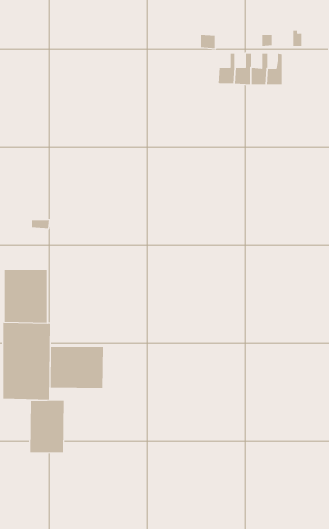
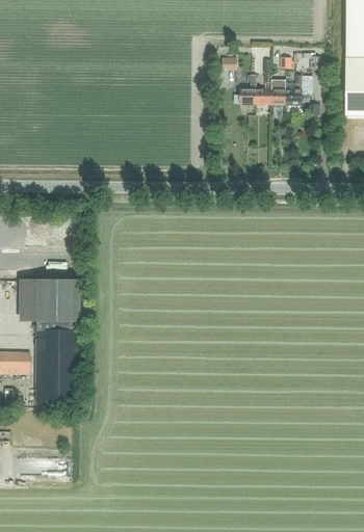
building: [50,346,104,389] -> none
building: [30,400,64,453] -> none

